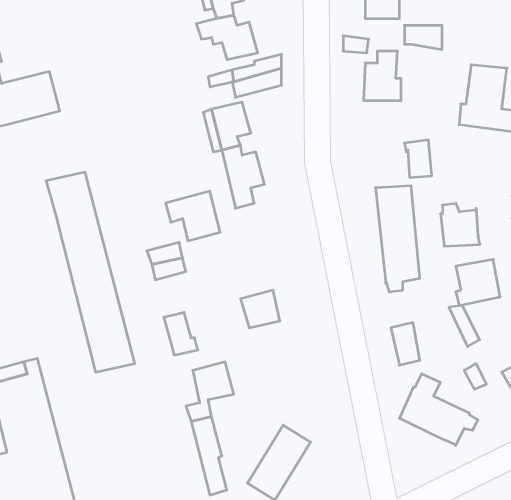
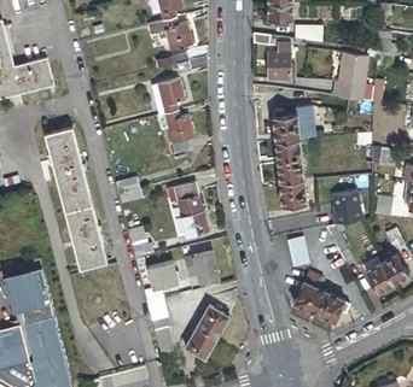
building: [166,191,220,241] -> [164,182,203,217]
building: [441,203,480,246] -> [273,109,301,139]
building: none -> [182,252,216,285]

